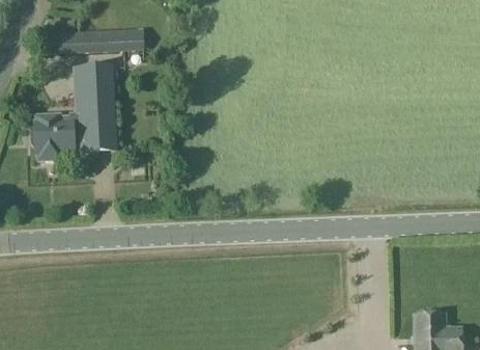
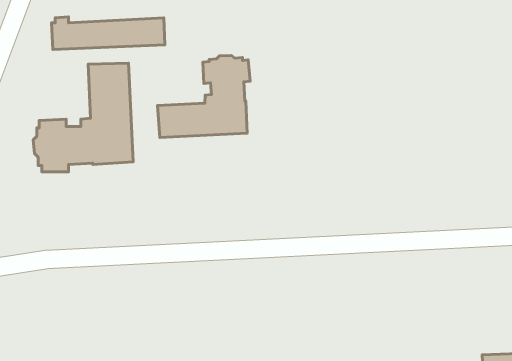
building: none -> [158,56,250,138]

